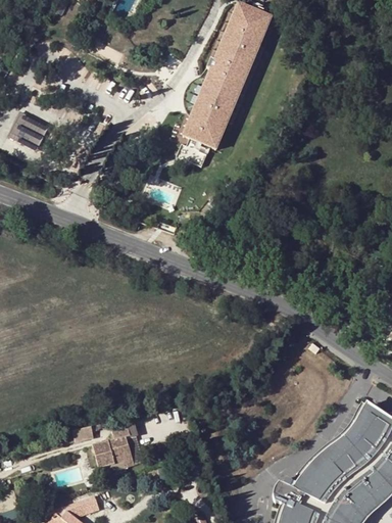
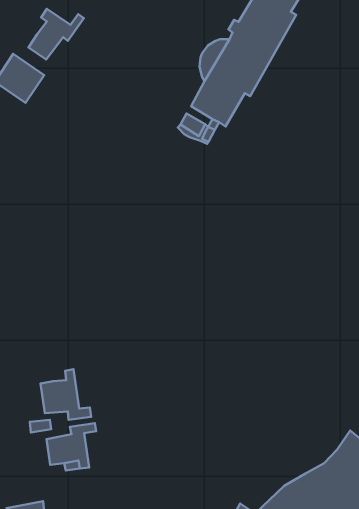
building: none -> [28,9,84,60]
building: none -> [40,369,91,420]

